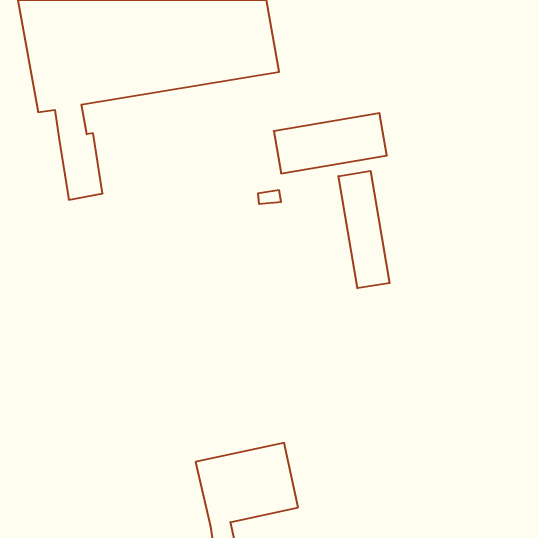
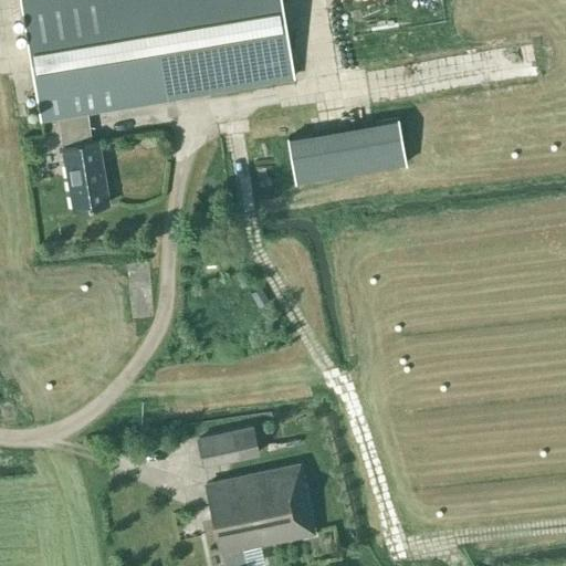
building: [338,171,390,288] -> none
building: none -> [200,428,259,465]

